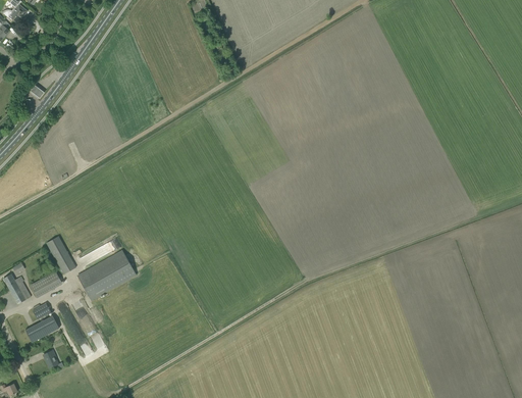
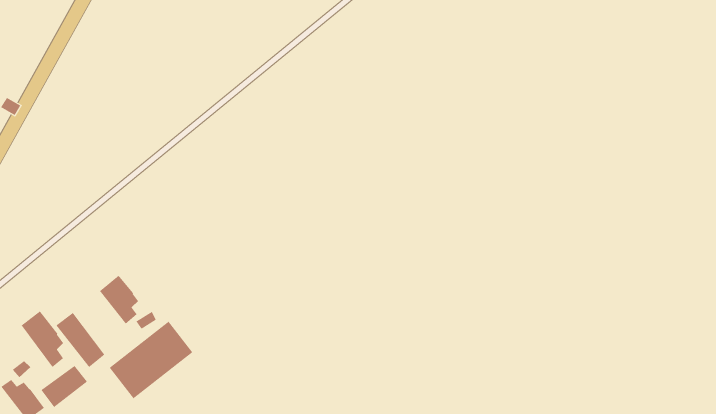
building: none -> [99,275,139,325]
building: none -> [21,310,64,368]

